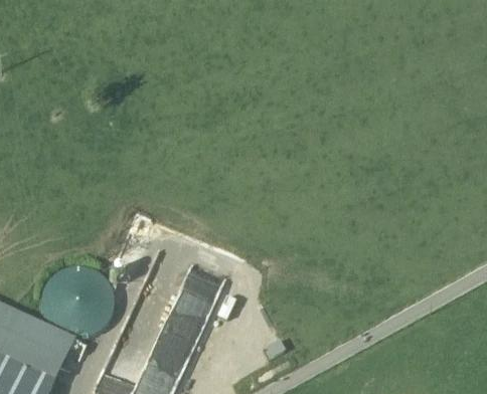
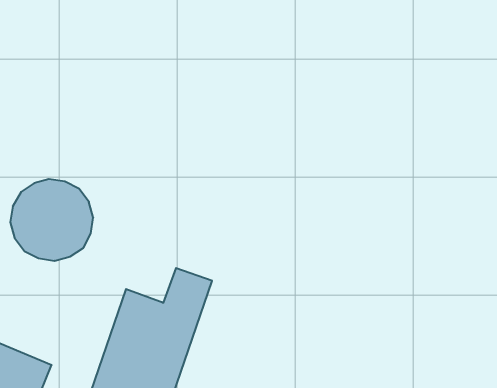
building: [40,267,114,340] -> [10,179,93,261]

